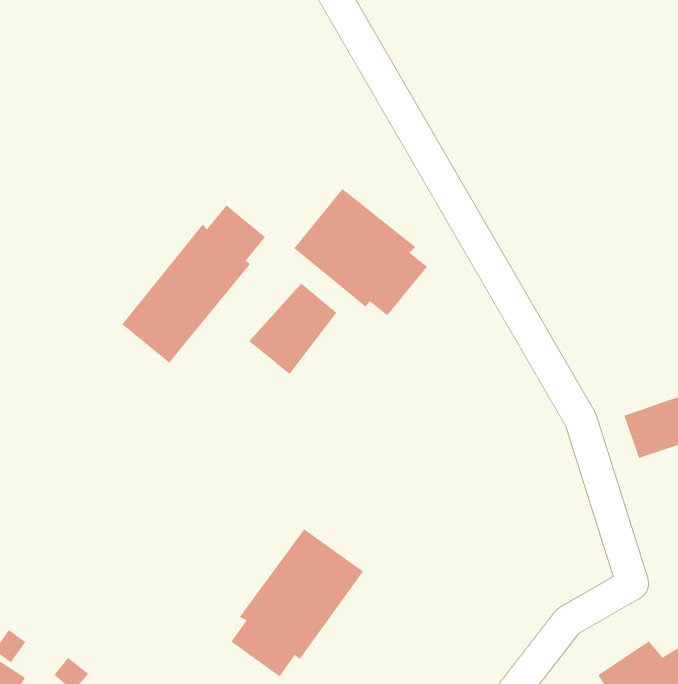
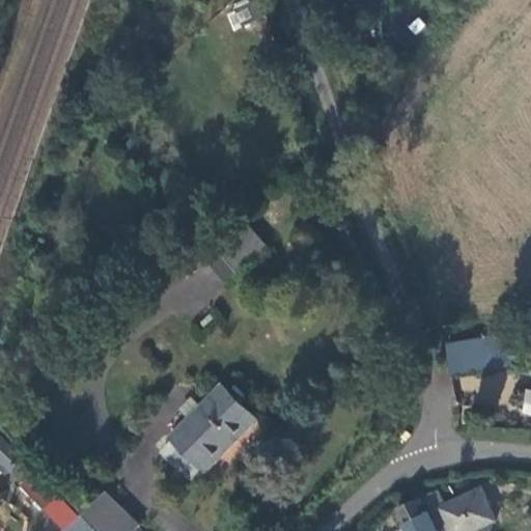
building: [293,188,428,316] -> none
building: [121,205,266,364] -> none

